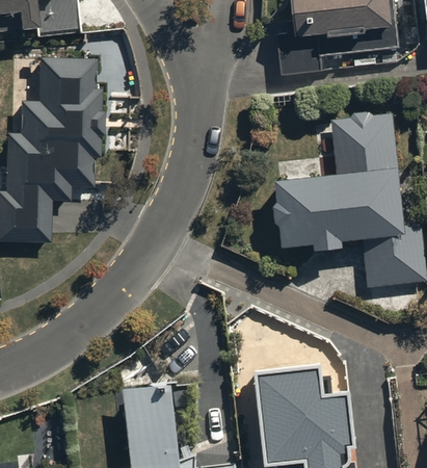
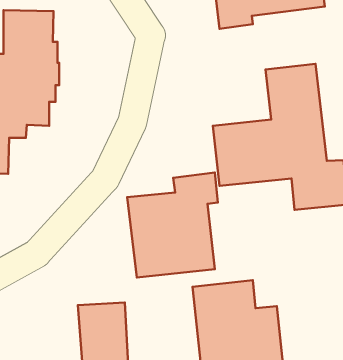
building: none -> [127,173,218,278]

